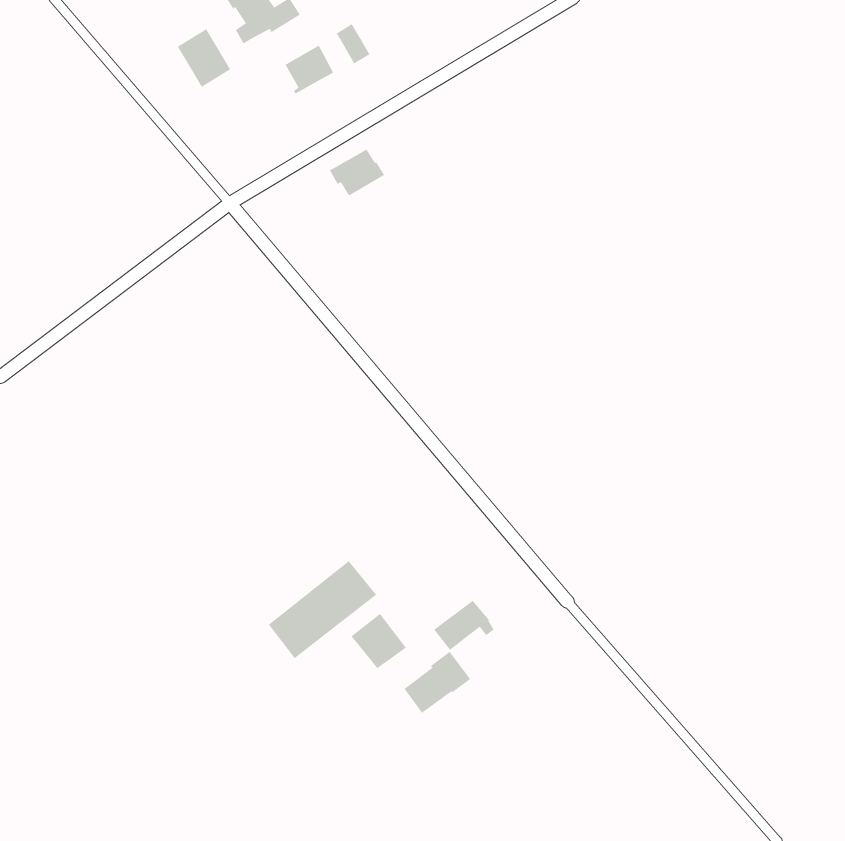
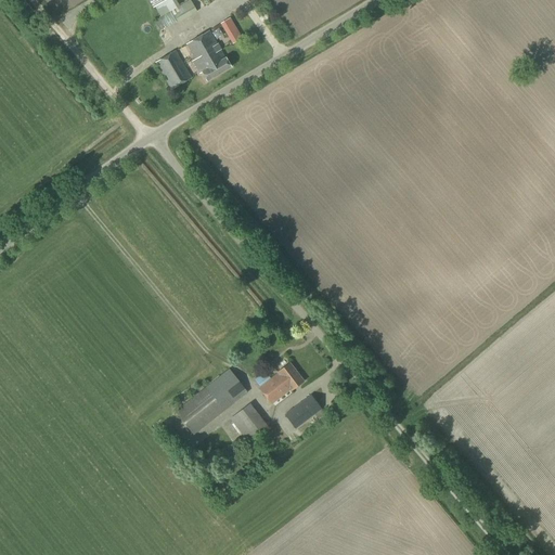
building: [177,28,231,88] -> [155,49,191,88]
building: [329,149,385,197] -> [194,48,231,79]
building: [403,651,471,714] -> [259,361,304,402]

